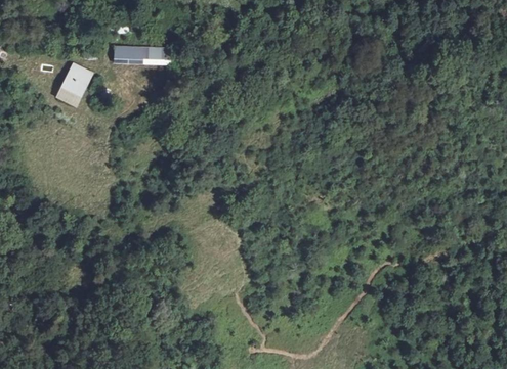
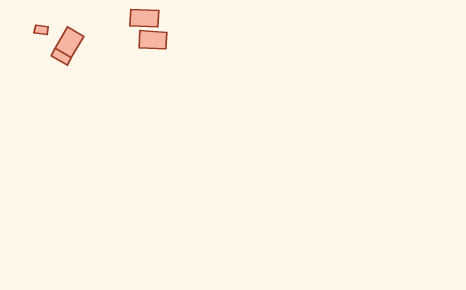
building: [113,43,142,62] -> [139,30,167,49]

